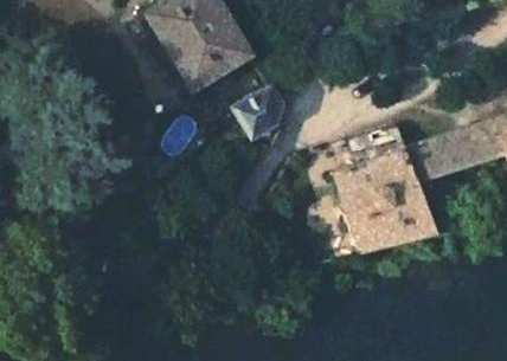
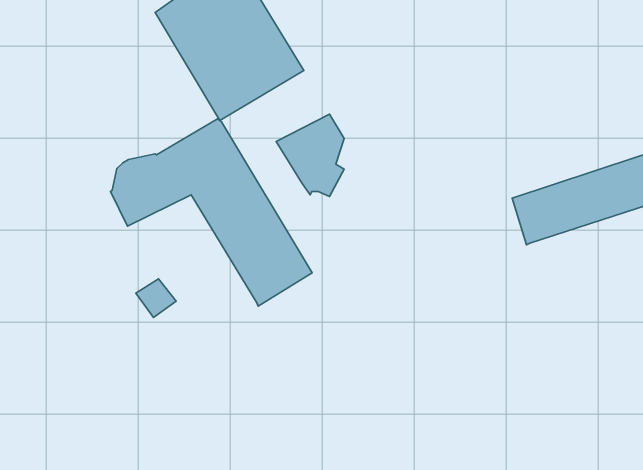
building: none -> [111,119,312,306]
building: [333,148,439,252] -> none

